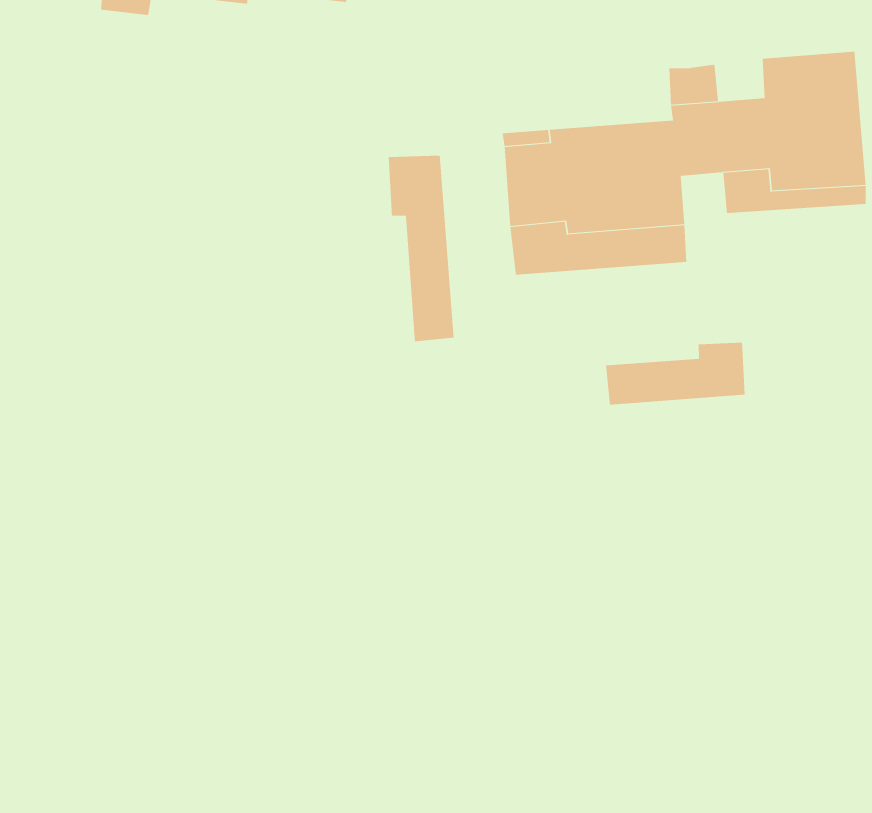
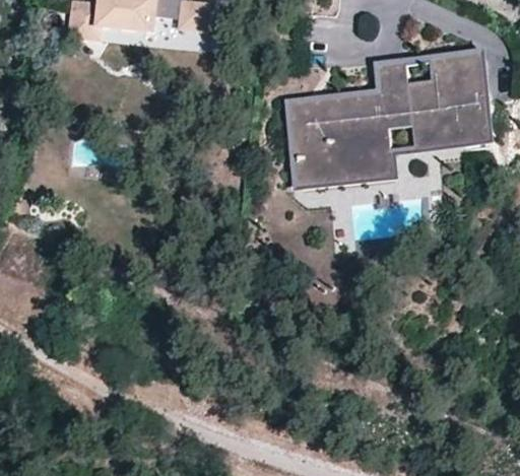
building: [388,155,454,342] -> none
building: [606,342,745,405] -> none

